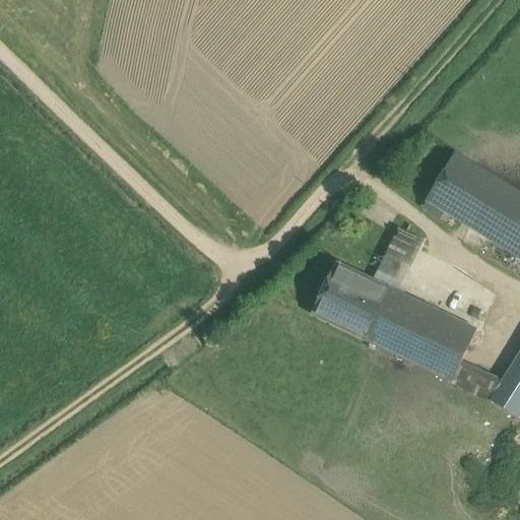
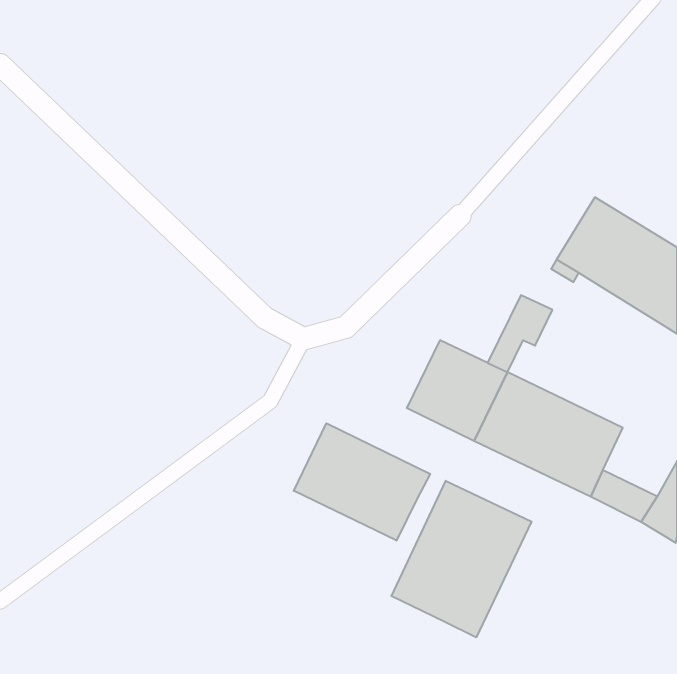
building: none -> [294,423,430,541]
building: none -> [391,481,531,637]

